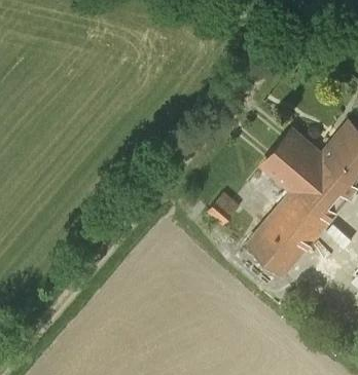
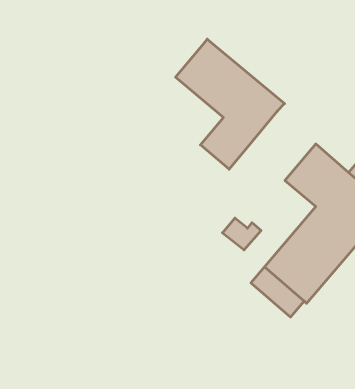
building: none -> [176,39,285,169]

